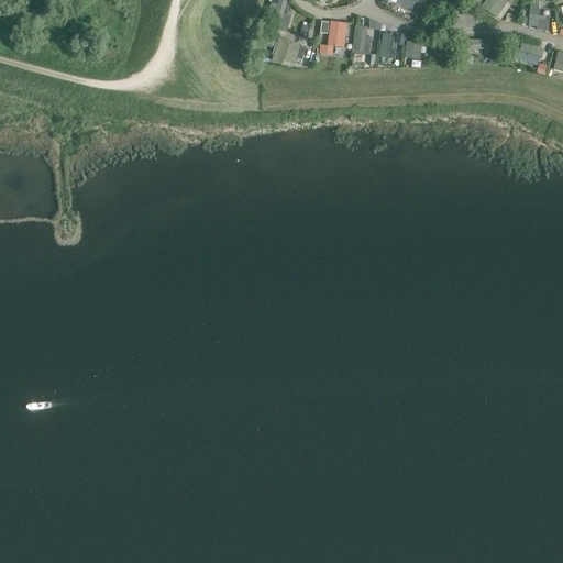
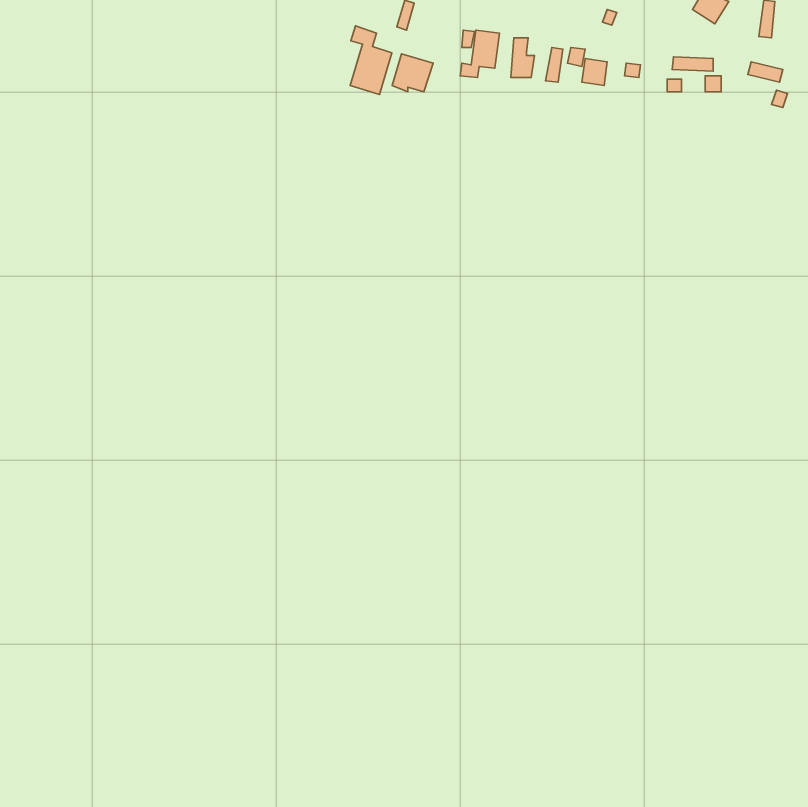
building: none -> [350,26,392,94]

